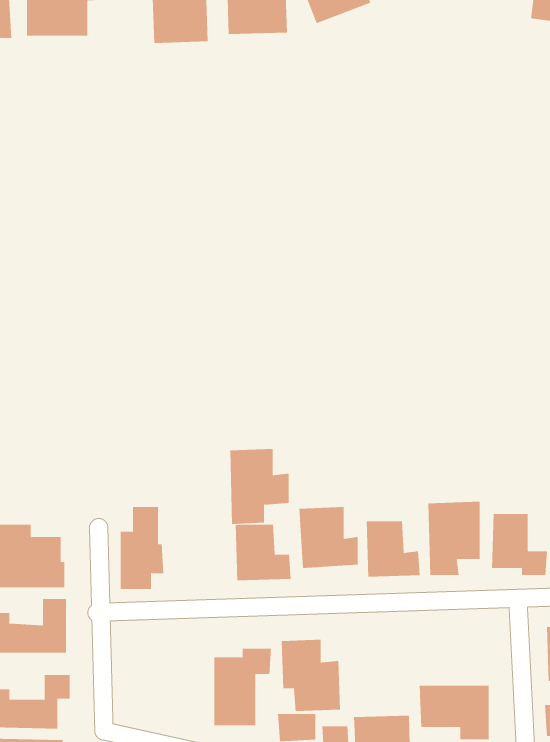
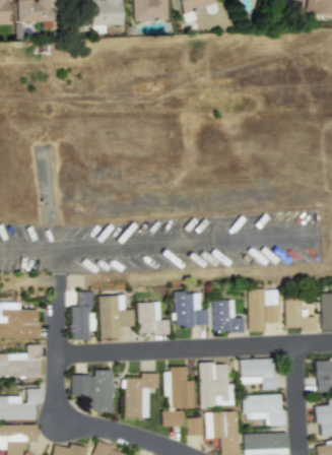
building: [229,448,289,524] -> [99,295,134,338]
building: none -> [240,359,275,390]
building: none -> [199,363,234,406]
building: none -> [72,369,113,410]

